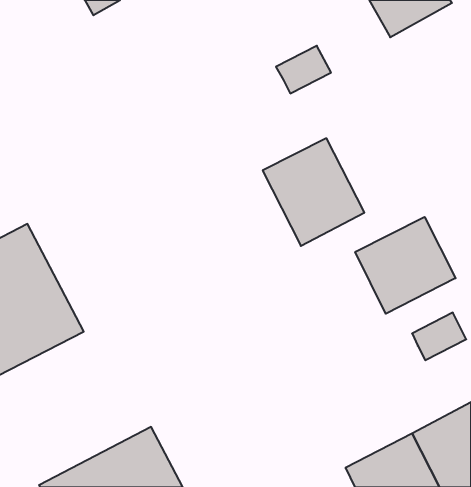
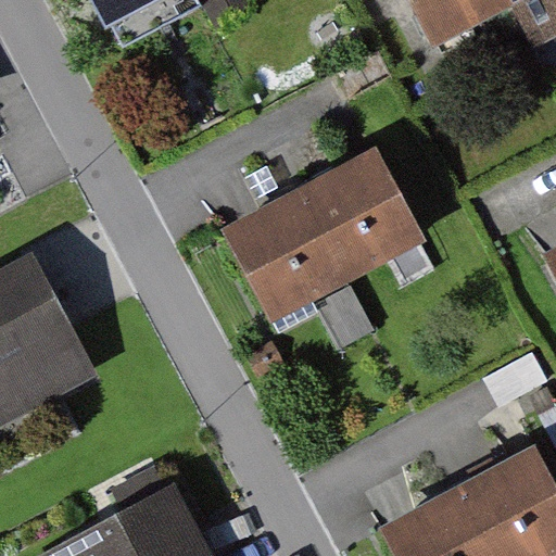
building: none -> [227,194,343,317]
building: [355,217,456,314] -> none

